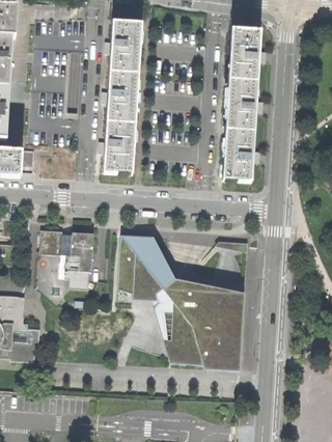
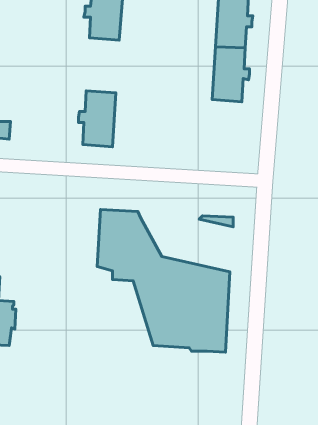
building: [103,71,138,122] -> none
building: [223,129,258,181] -> none
building: [39,228,94,288] -> none

